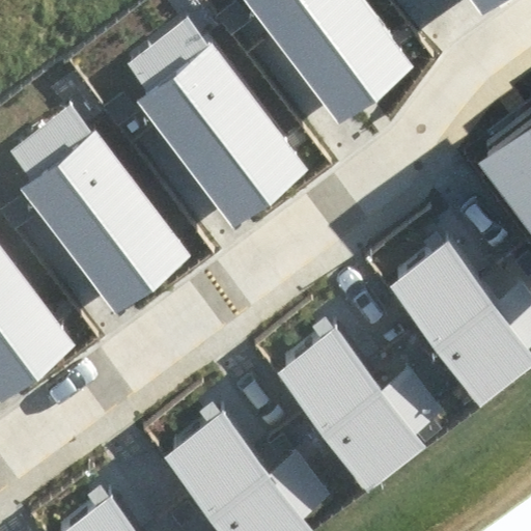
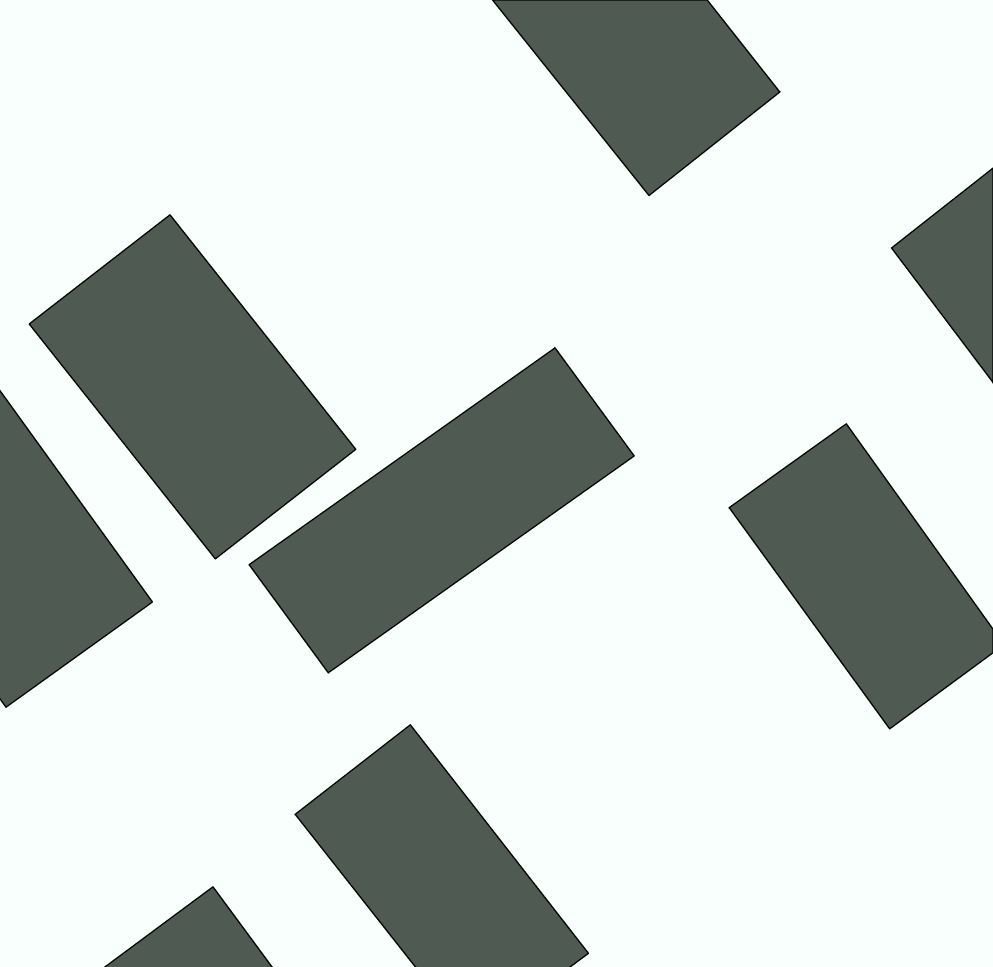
building: [139,43,307,224] -> none
building: none -> [249,348,634,673]
building: [281,324,425,483] -> none

